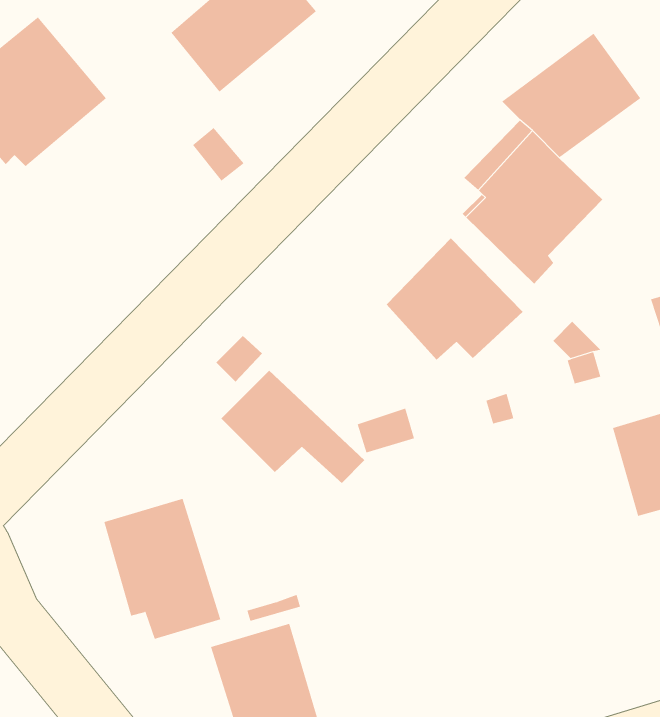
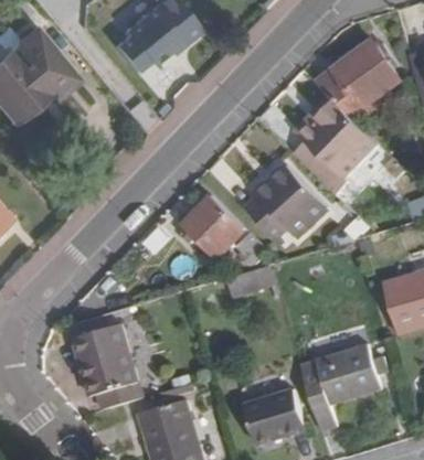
building: [220,370,365,484] -> [181,194,269,264]
building: none -> [300,343,380,430]
building: none -> [243,388,305,443]

